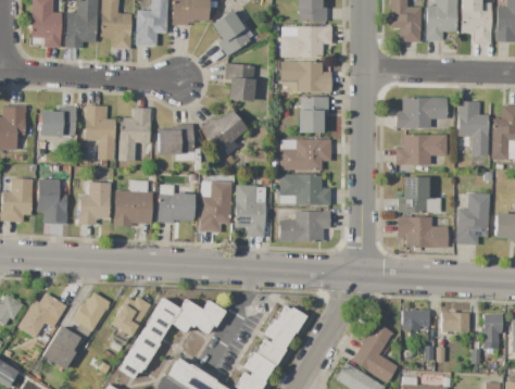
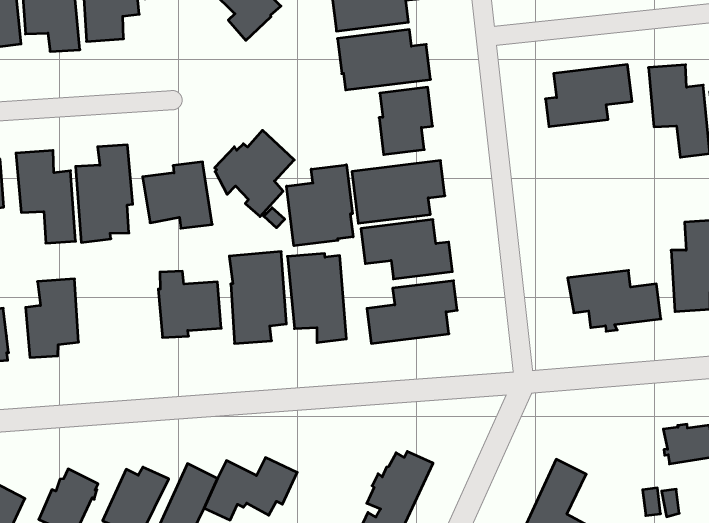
building: [225,63,255,102] -> none
building: [395,135,447,165] -> none
building: none -> [287,165,353,246]
building: [398,177,441,213] -> none
building: [113,180,152,226] -> none
building: [401,309,429,330] -> none

